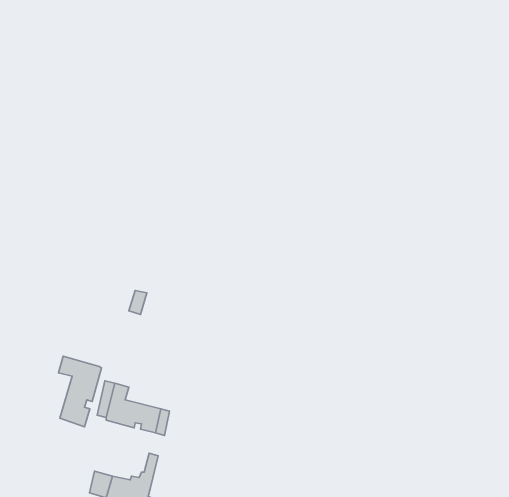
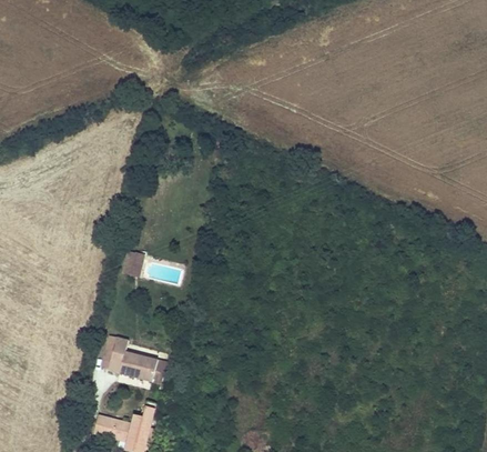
building: [59,356,101,427] -> none

